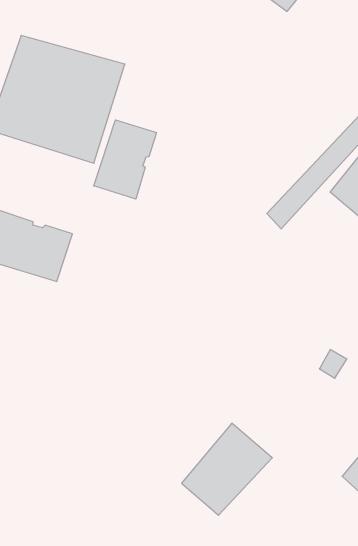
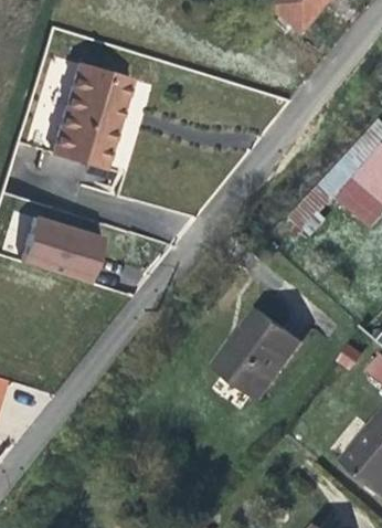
building: [94,120,157,199] -> none
building: [182,423,272,515] -> [215,300,299,386]

